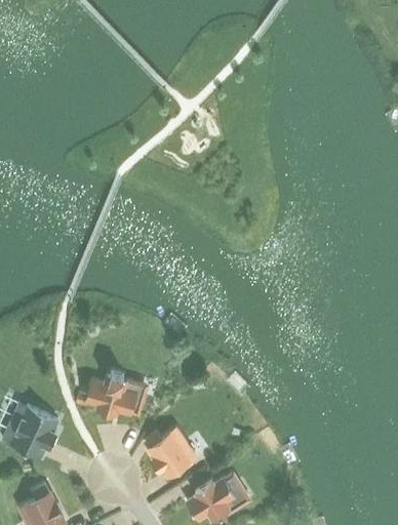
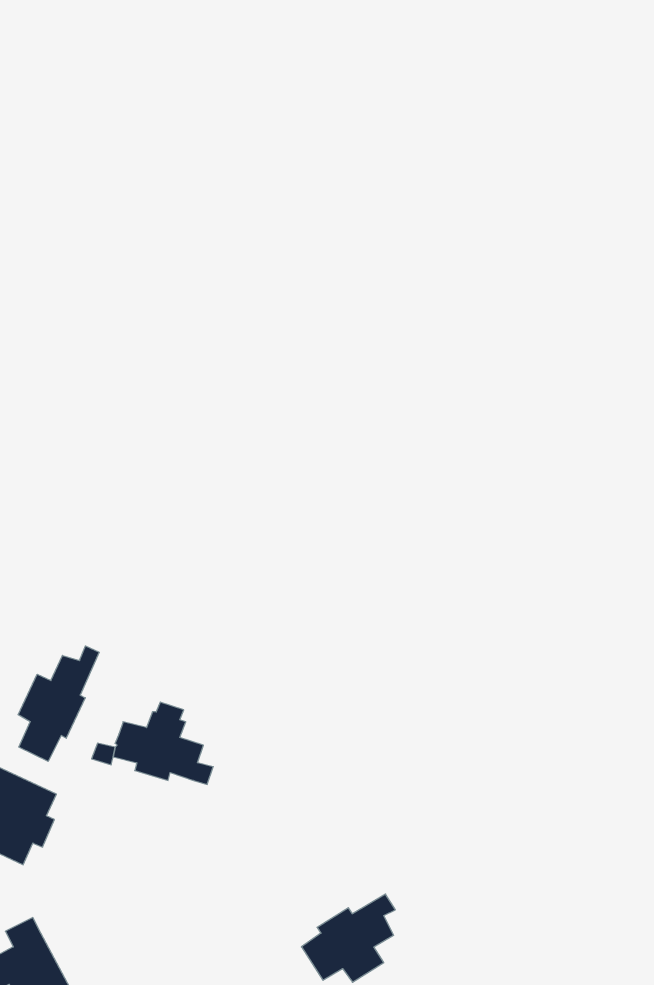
building: none -> [18,646,99,761]
building: [145,431,194,476] -> none

